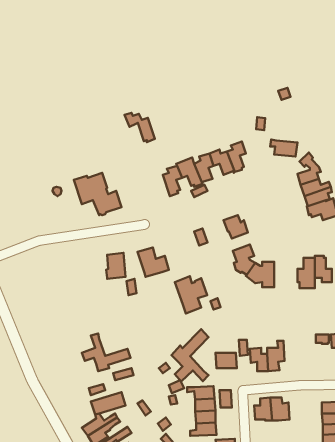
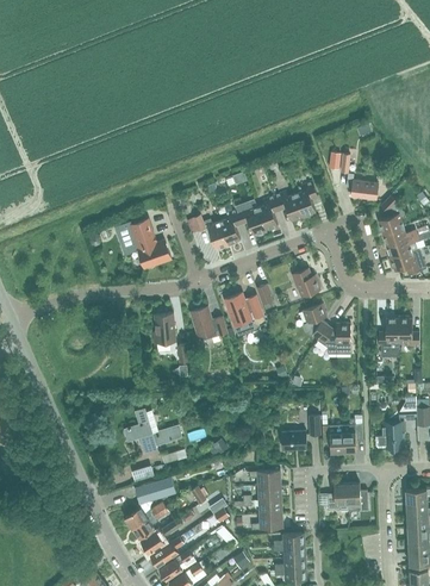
building: [125,113,155,142] -> [193,216,229,250]
building: [175,276,207,313] -> [225,293,263,337]
building: [171,329,208,381] -> none
building: none -> [376,423,405,449]

